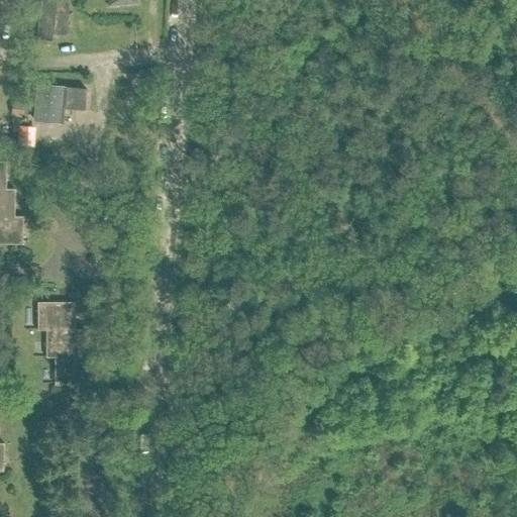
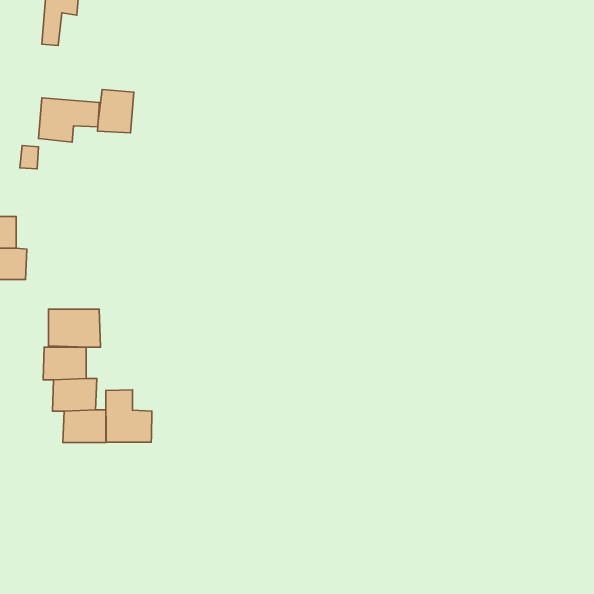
building: none -> [97,90,134,133]
building: none -> [48,309,101,347]
building: none -> [106,390,152,442]

